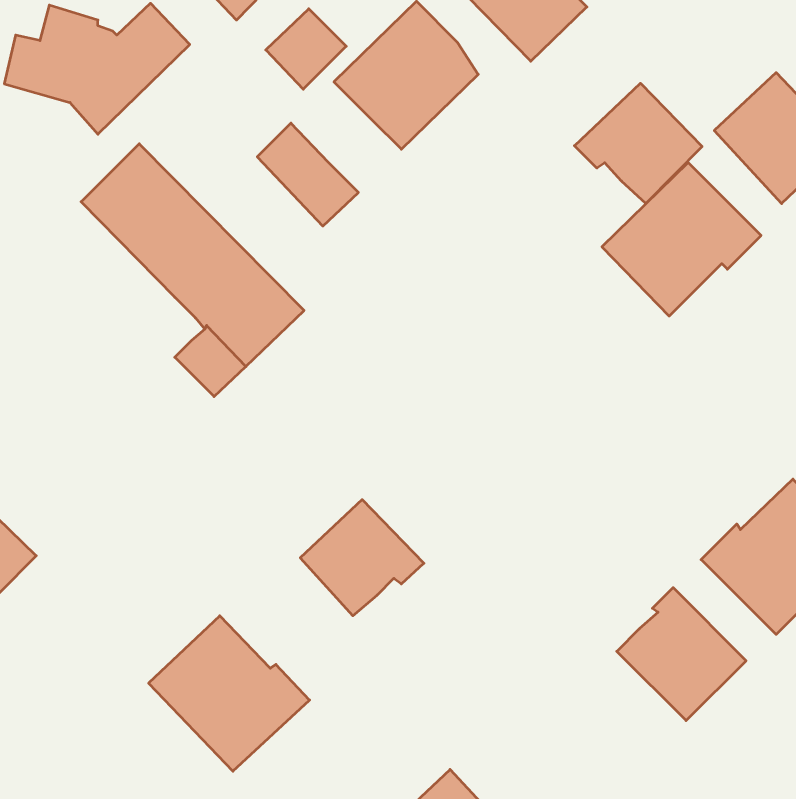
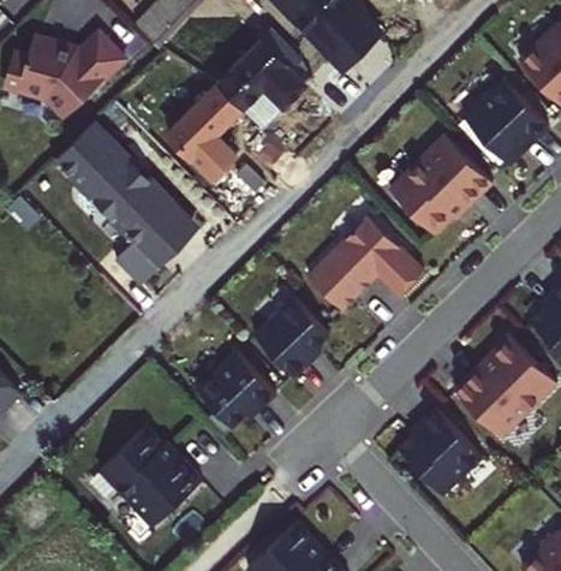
building: [266,9,346,89] -> [190,84,241,136]
building: [574,83,702,204] -> none
building: none -> [306,215,423,309]
building: none -> [253,298,328,377]

